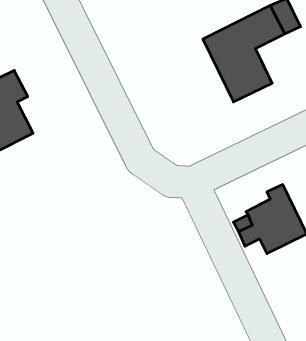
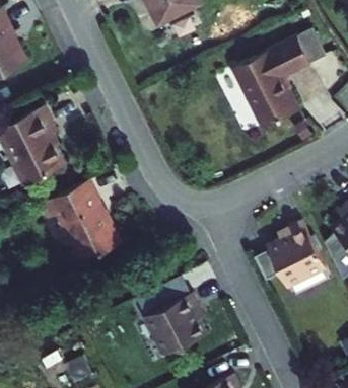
building: none -> [37,181,121,263]
building: none -> [145,291,204,352]

